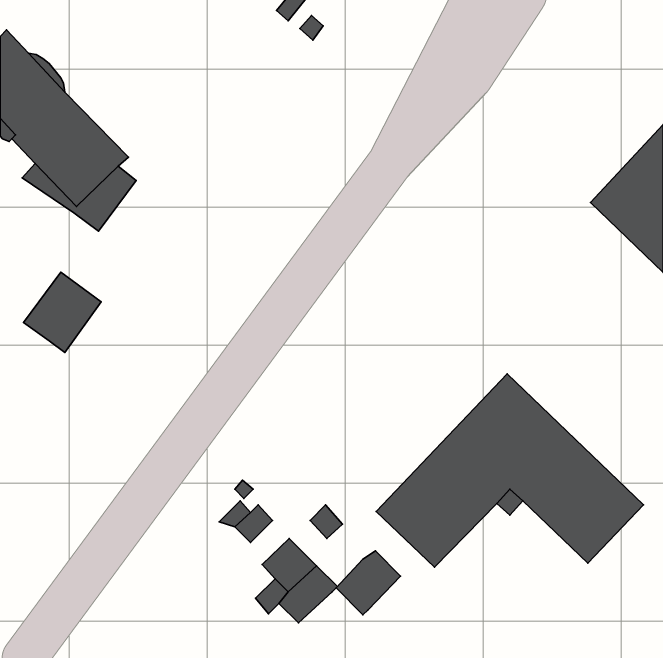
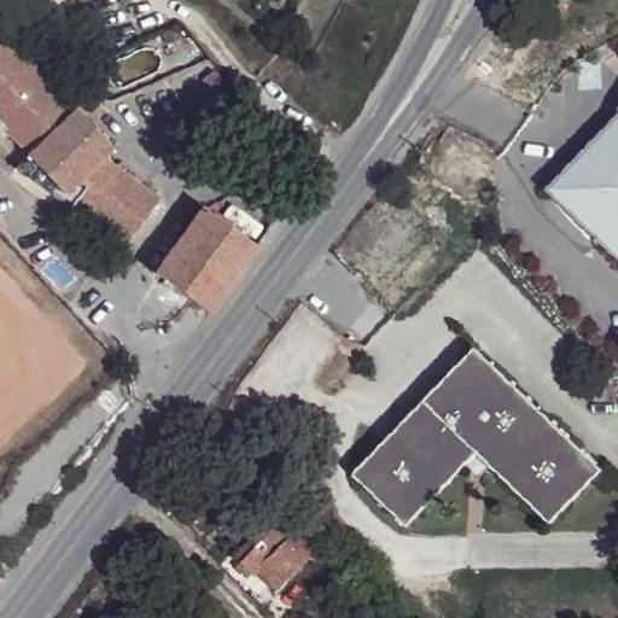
building: none -> [153,211,249,308]
building: [23,272,101,352] -> [92,168,164,243]
building: [336,551,400,615] -> none

